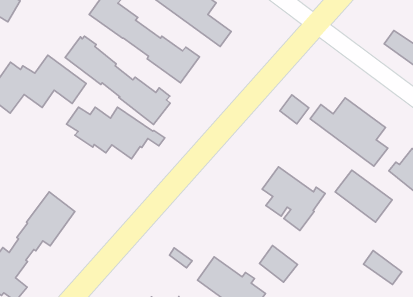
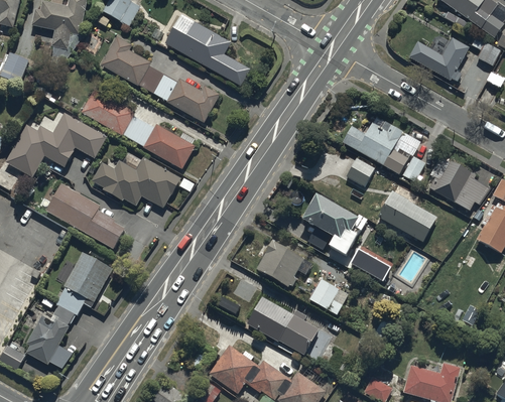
building: [280,95,309,124] -> [345,156,374,185]
building: none -> [44,182,128,251]
building: none -> [255,240,311,287]
building: [364,251,402,284] -> [351,251,391,283]

